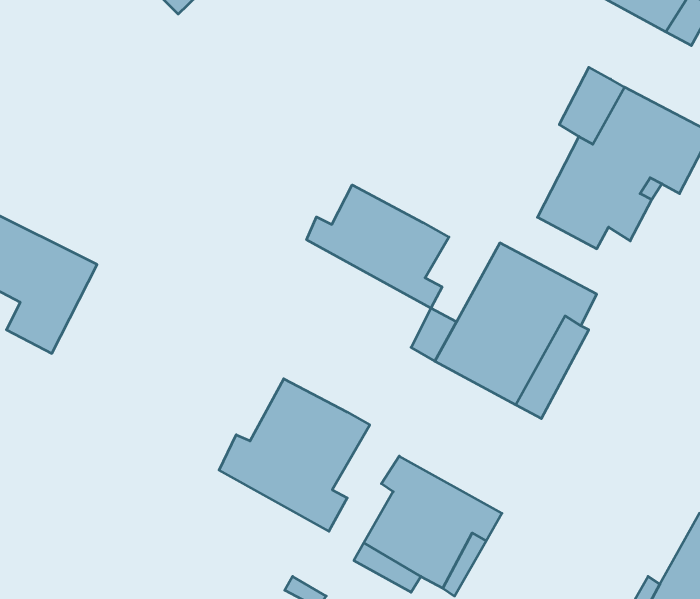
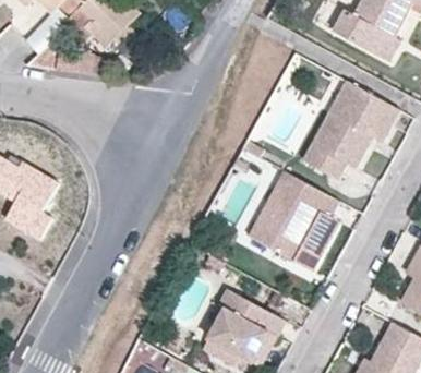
building: [307,185,449,308] -> none
building: [219,379,370,531] -> none

